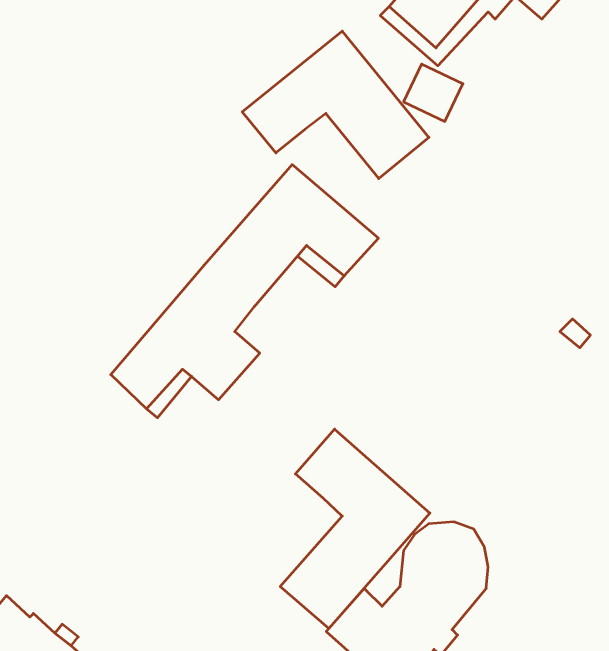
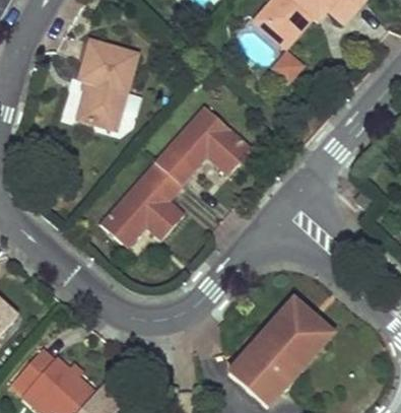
building: [242,31,429,179] -> none
building: none -> [77,39,137,127]
building: [280,429,430,628] -> none

